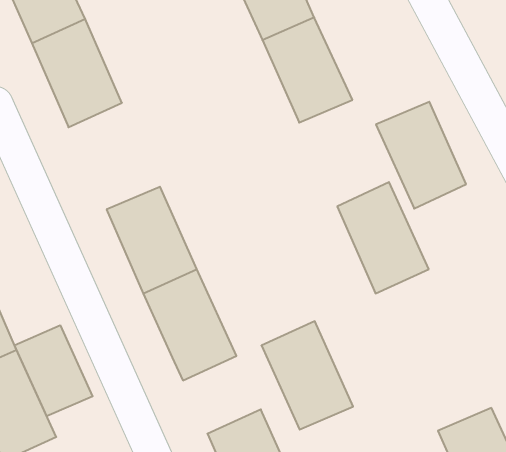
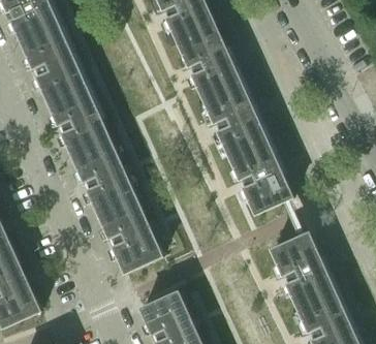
building: [376,102,466,209] -> [205,83,265,155]
building: none -> [49,85,111,157]
building: [261,321,353,430] -> [273,233,335,307]
building: [15,325,93,416] -> none

